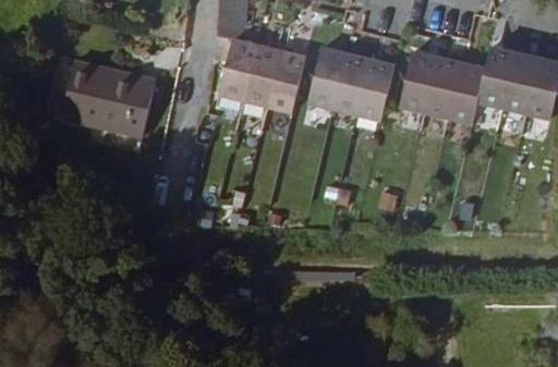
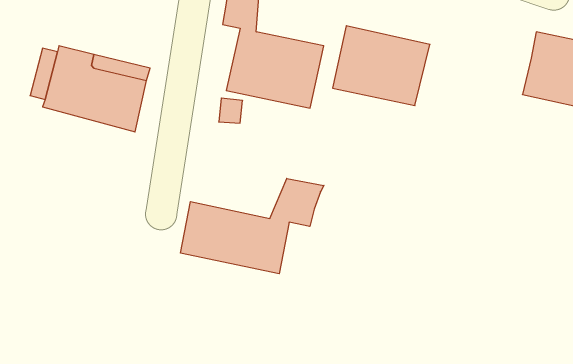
building: [398,56,485,125] -> none
building: none -> [181,178,324,274]

